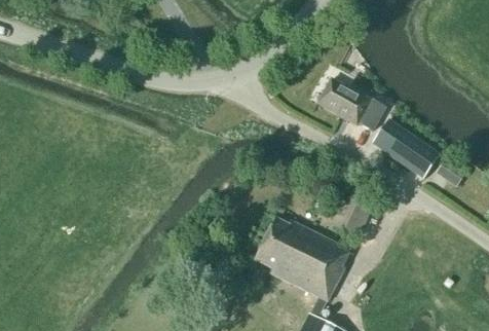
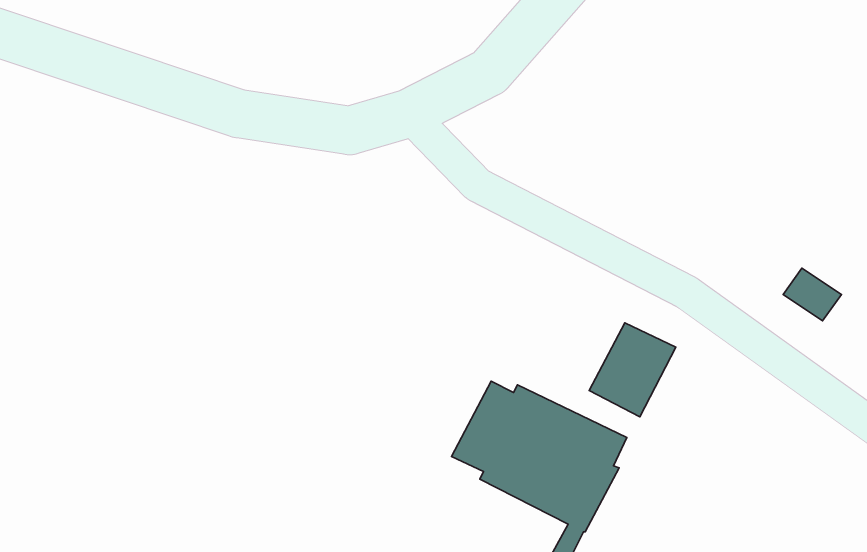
building: [316,79,385,132] -> none
building: [372,118,441,179] -> none

